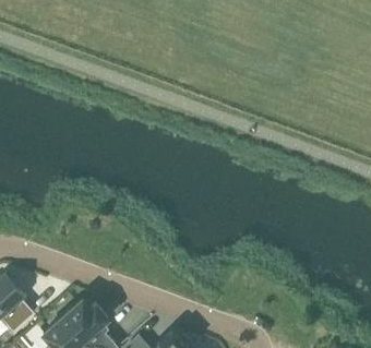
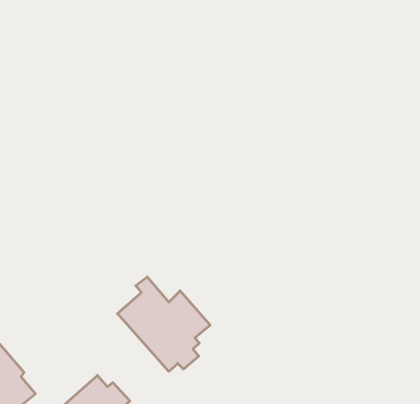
building: none -> [117,277,210,371]

